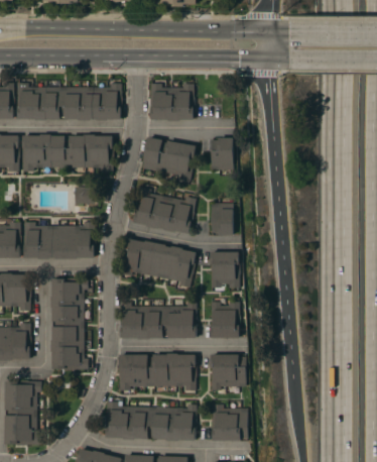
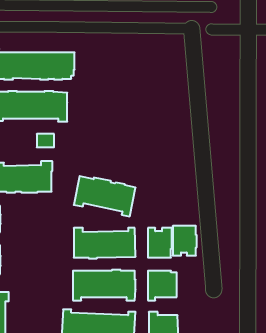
building: [150,83,194,121] -> none
building: [142,137,195,181] -> none
building: [211,137,233,169] -> none
building: [132,187,196,233] -> none
building: [211,203,233,235] -> none
building: [211,251,240,287] -> [173,226,197,256]
building: [50,278,88,370] -> none

